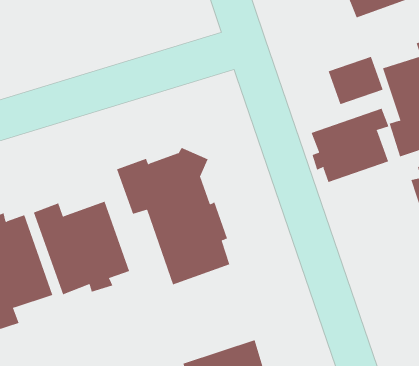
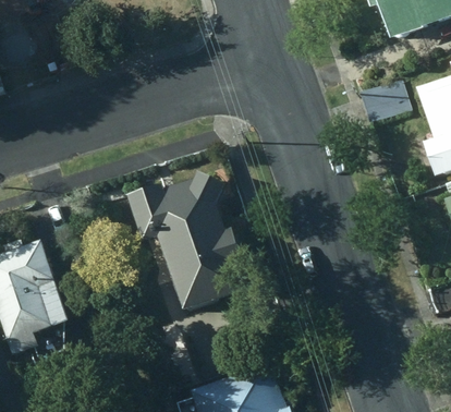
building: [311,108,389,183] -> none
building: [33,201,130,295] -> none

